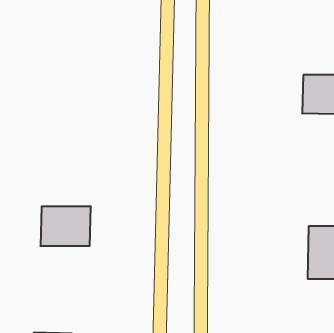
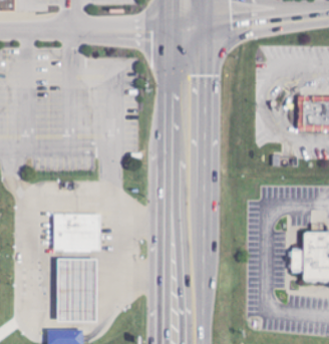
building: none -> [58,259,98,322]

